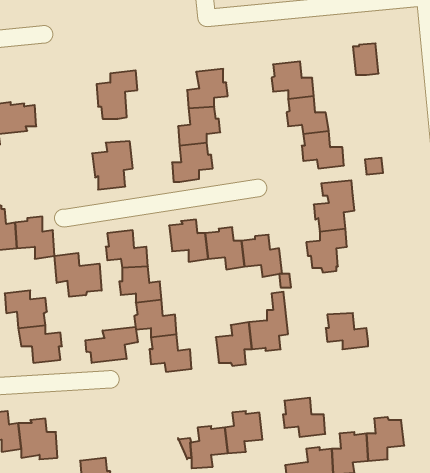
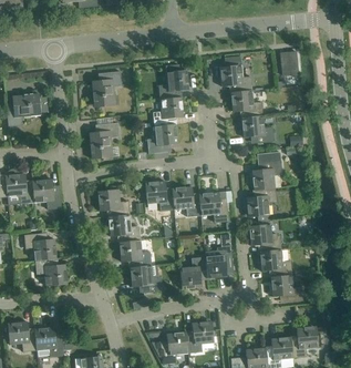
building: [54,253,102,297] -> none
building: none -> [249,217,280,249]
building: [85,327,138,363] -> none
building: [283,398,325,437] -> [271,273,302,301]

